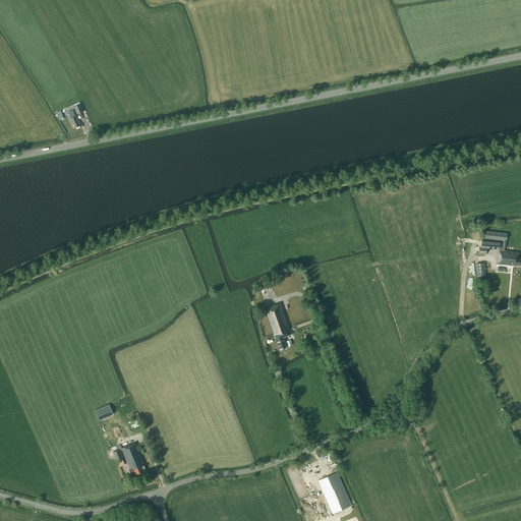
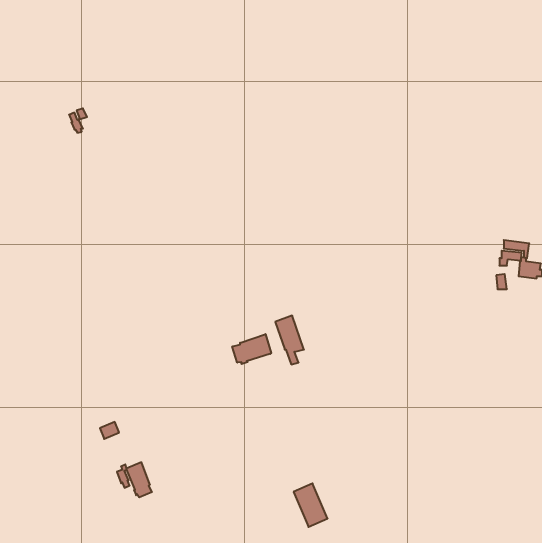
building: none -> [232,334,271,364]
building: [317,472,350,514] -> [294,483,328,527]

